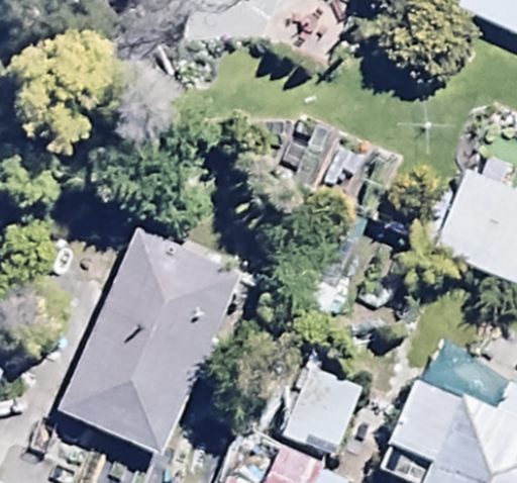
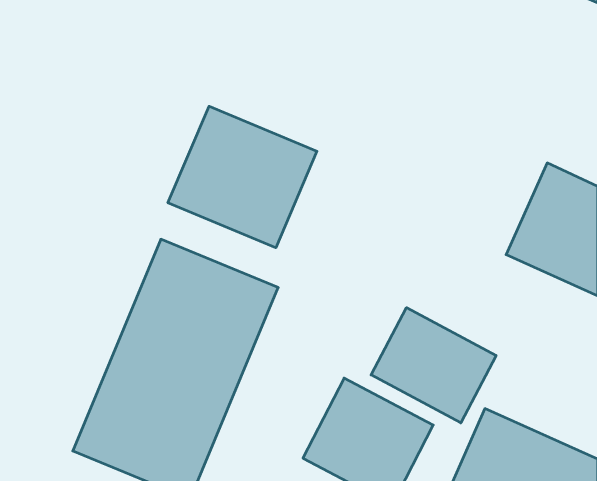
building: none -> [168,106,317,248]
building: none -> [371,308,496,423]

